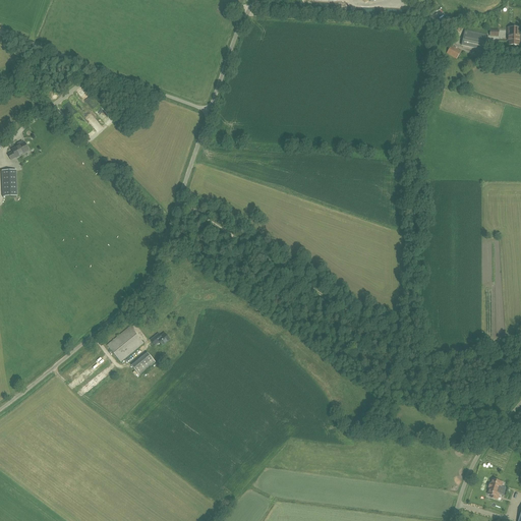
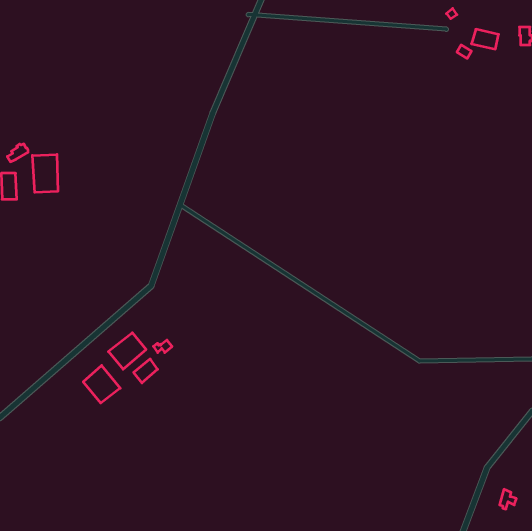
building: none -> [32,154,58,192]
building: none -> [83,365,120,403]

